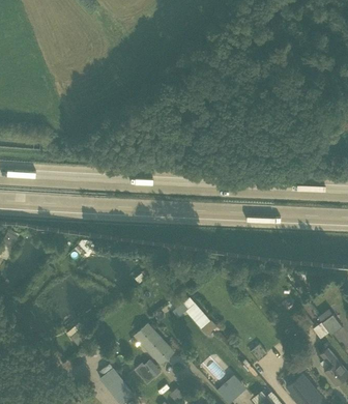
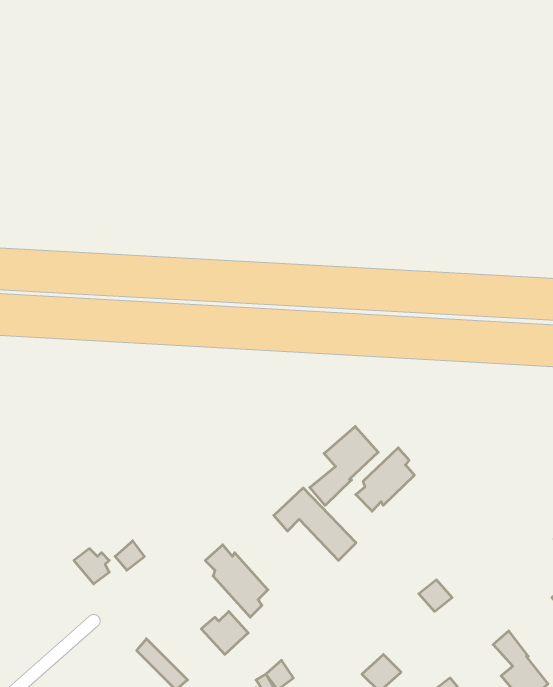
building: none -> [310,426,378,505]
building: none -> [356,448,414,511]

